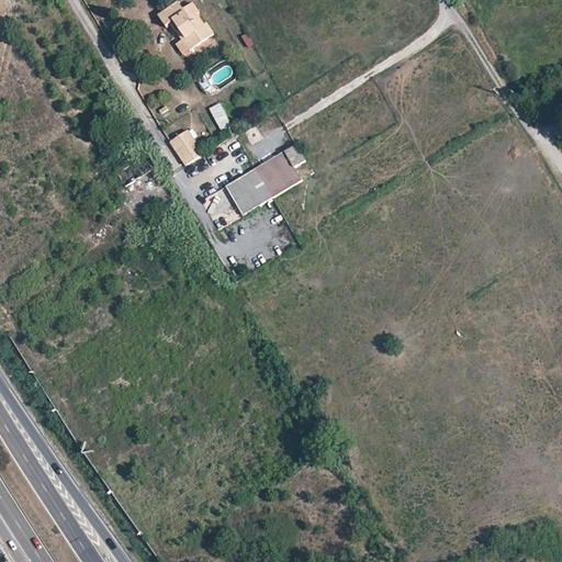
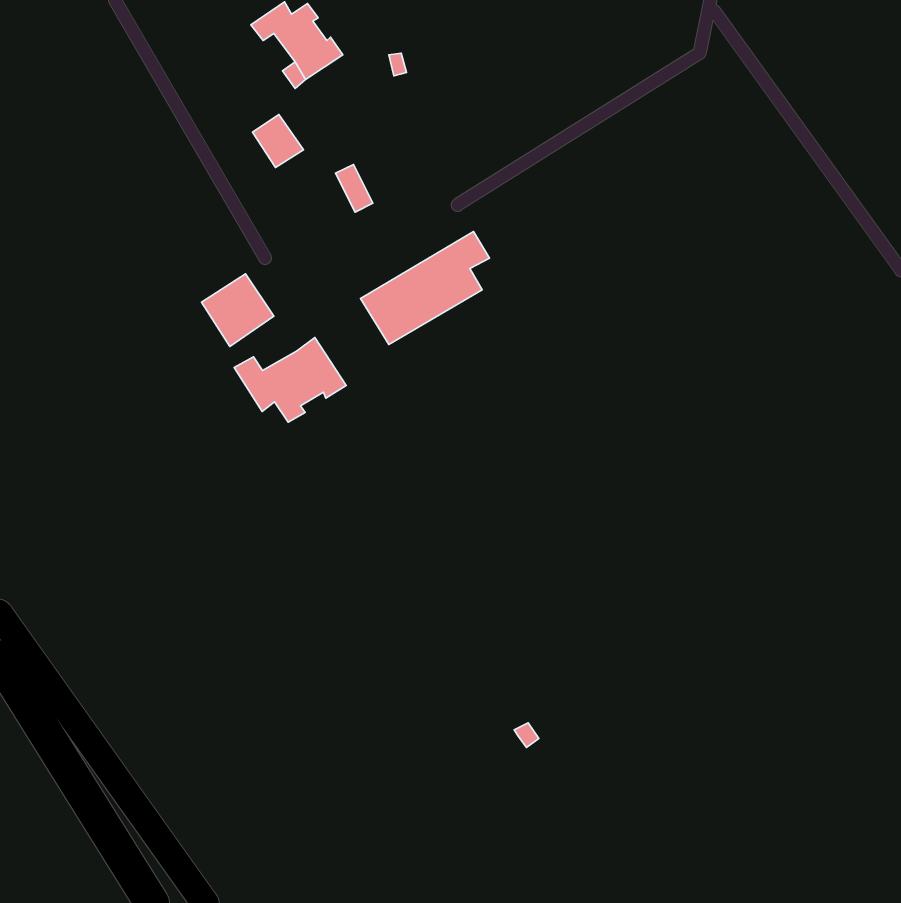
building: [170,134,202,167] -> [252,114,304,167]
building: none -> [234,337,346,422]

